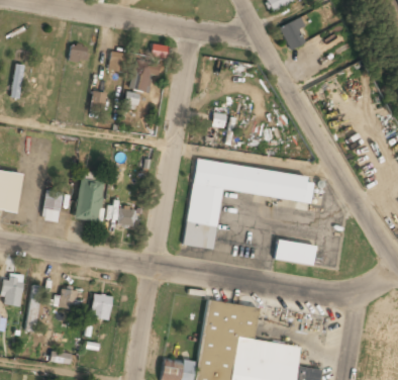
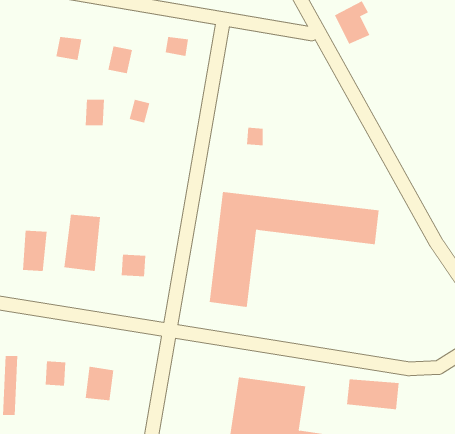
building: [131,60,161,91] -> none
building: [275,241,315,264] -> [346,379,399,410]

